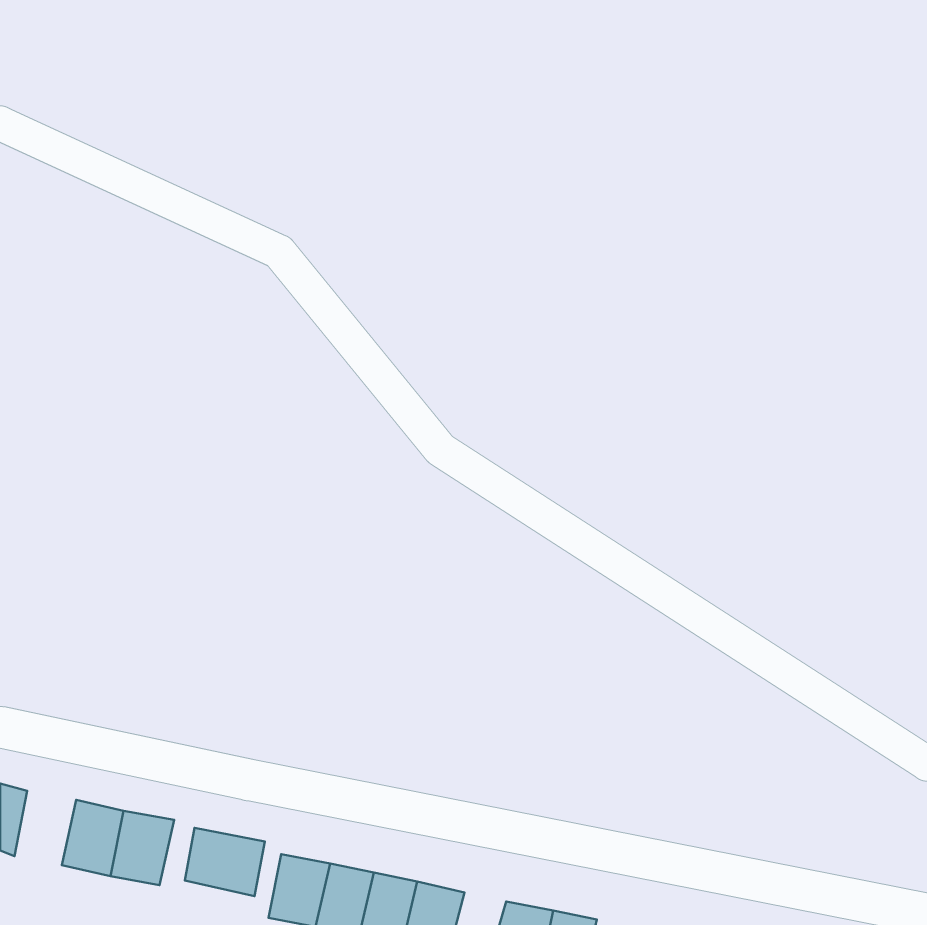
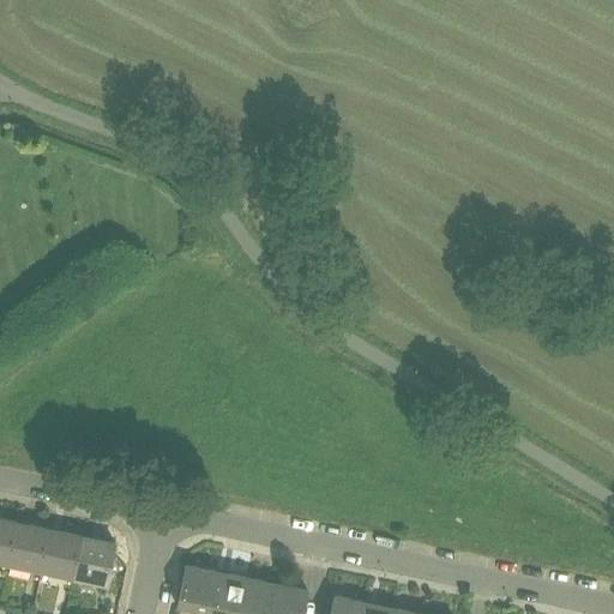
building: none -> [10,524,50,573]
building: [185,828,265,896] -> none

